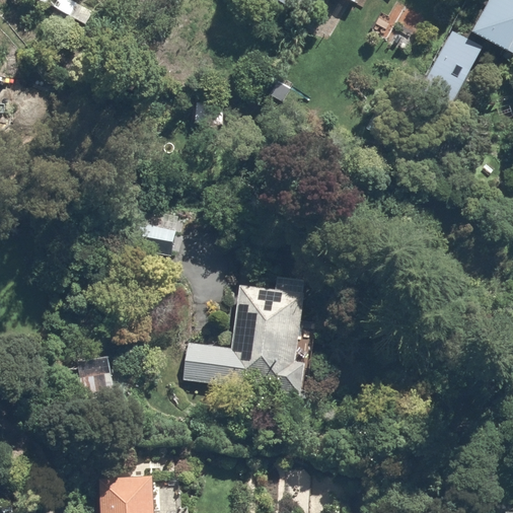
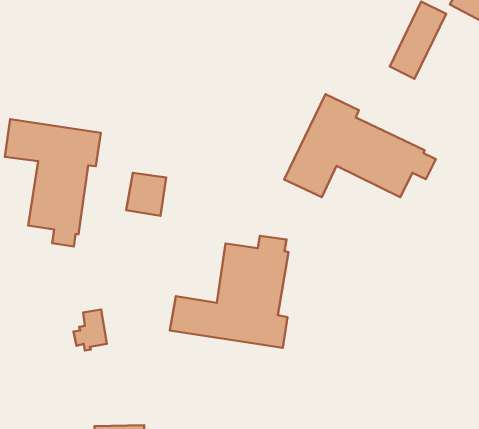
building: none -> [284,94,436,197]
building: none -> [5,119,101,247]

